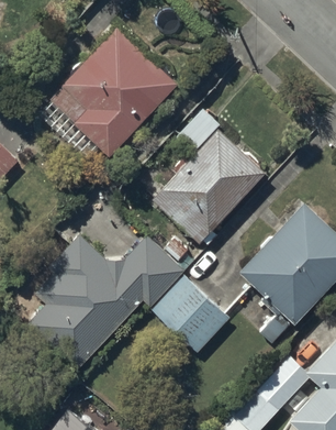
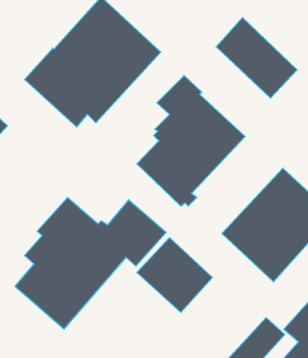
building: none -> [216,18,297,98]

